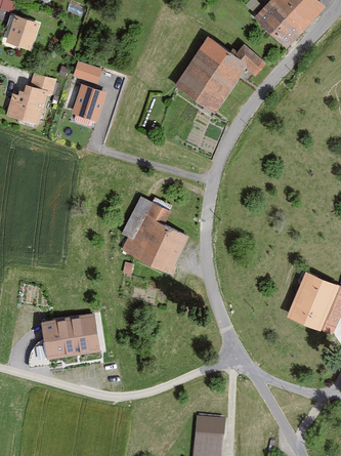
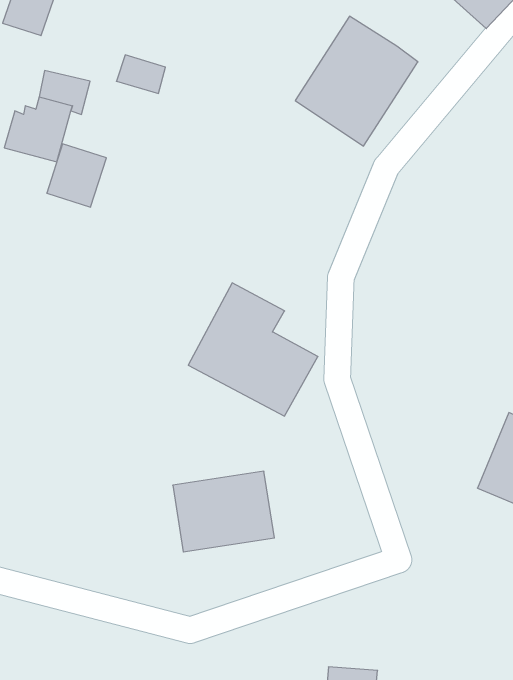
building: [238,46,269,78] -> none
building: [72,85,106,122] -> [47,144,106,207]
building: [38,315,97,362] -> [173,471,274,552]

